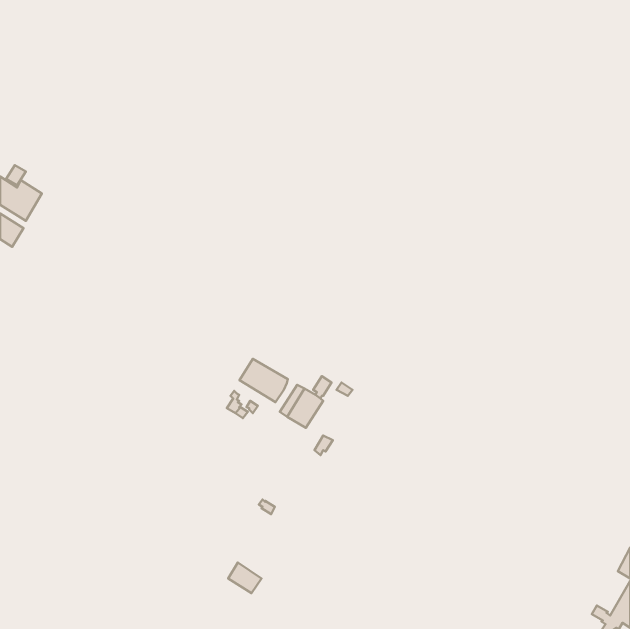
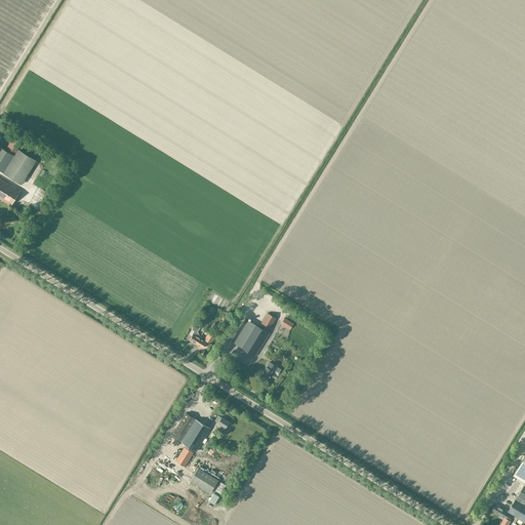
building: [240,359,288,402] -> none
building: none -> [171,413,210,468]

